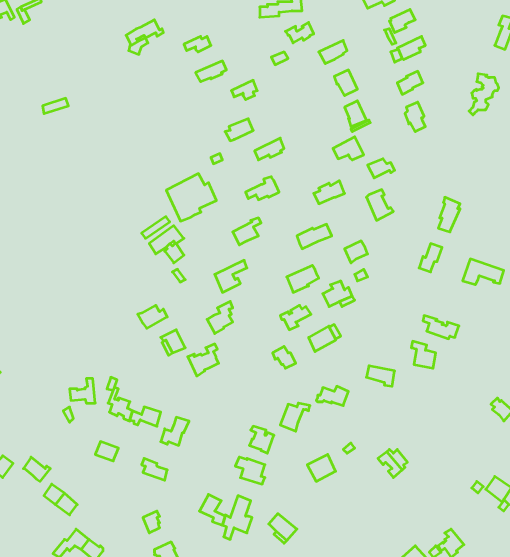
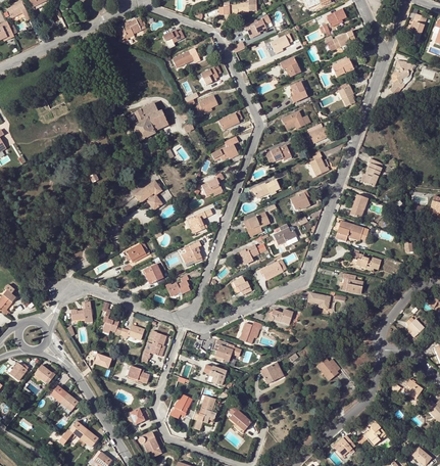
building: [166,174,216,221] -> [128,102,167,140]
building: [463,259,504,285] -> [335,220,368,240]

